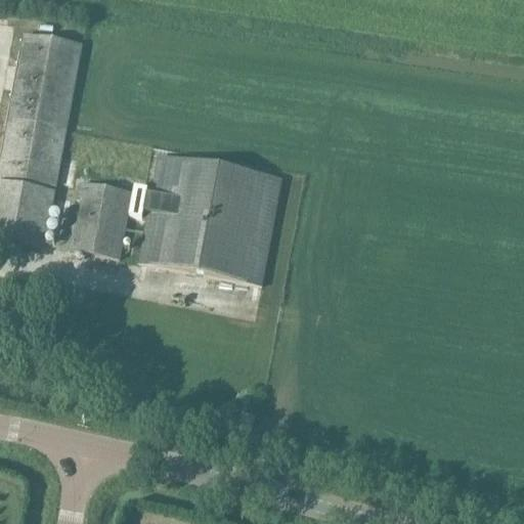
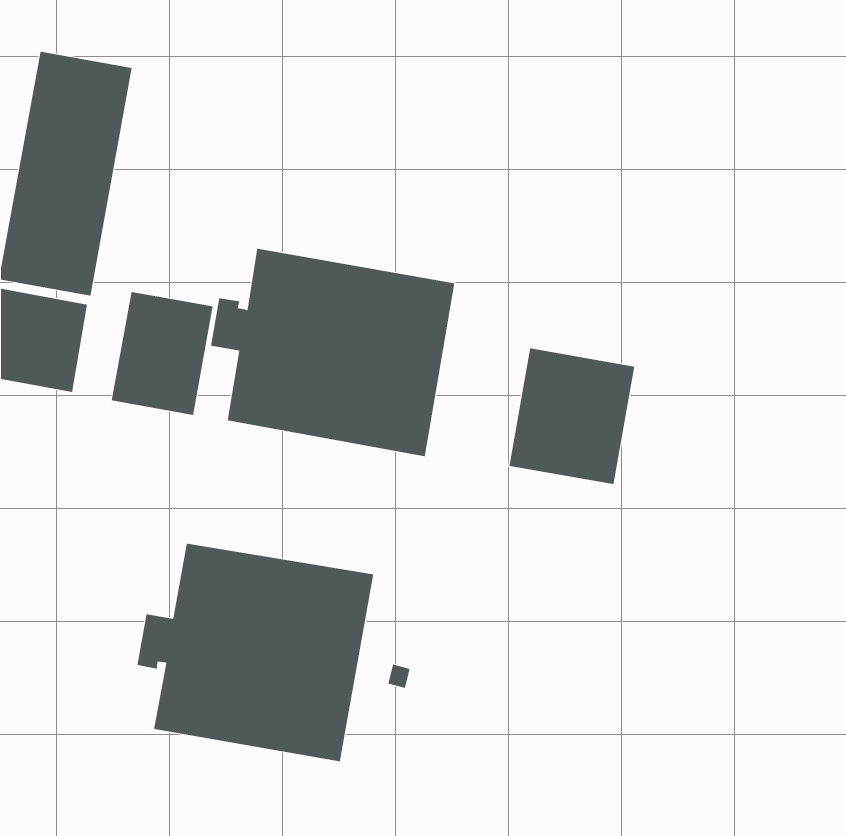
building: none -> [509,347,635,485]
building: none -> [137,543,374,762]

